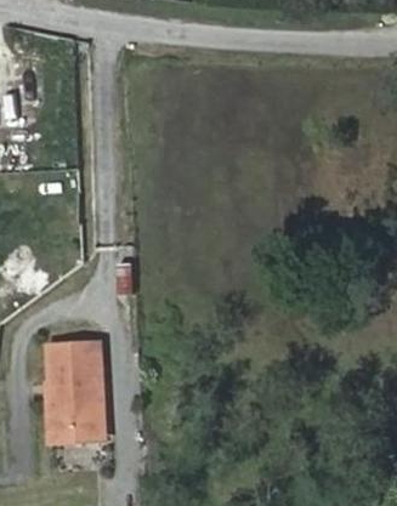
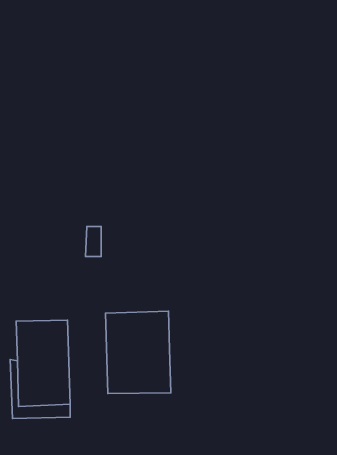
building: none -> [106,311,171,394]

